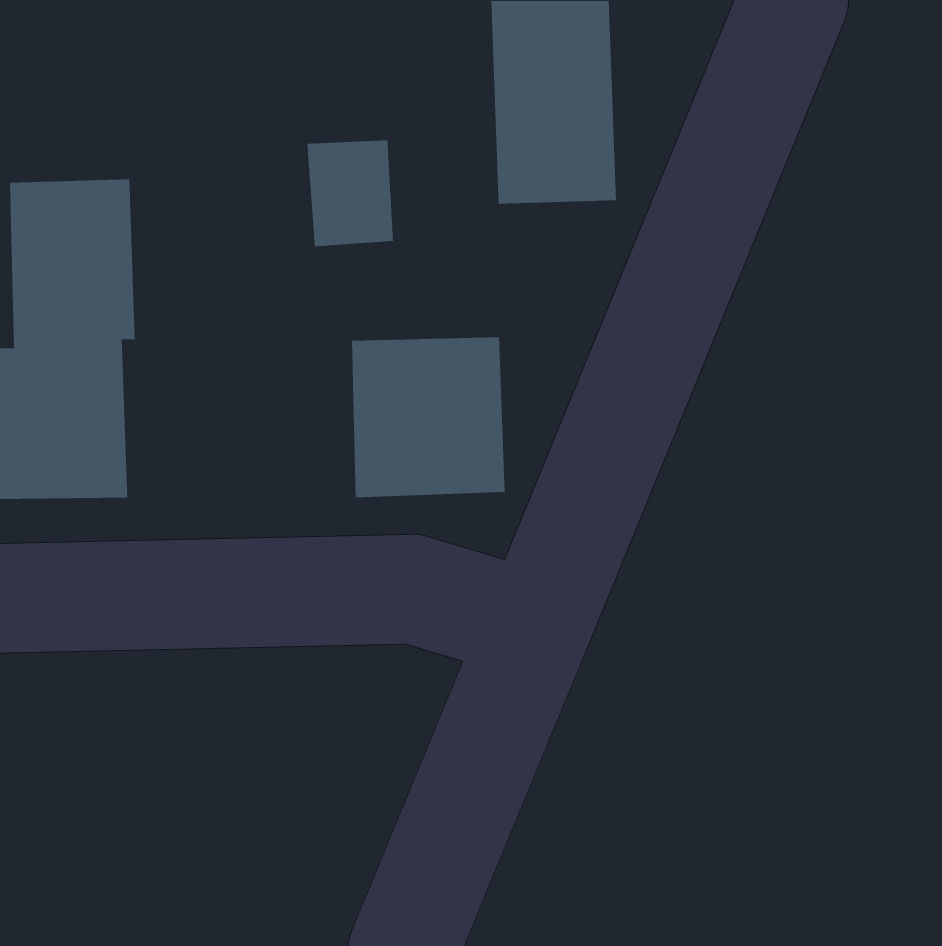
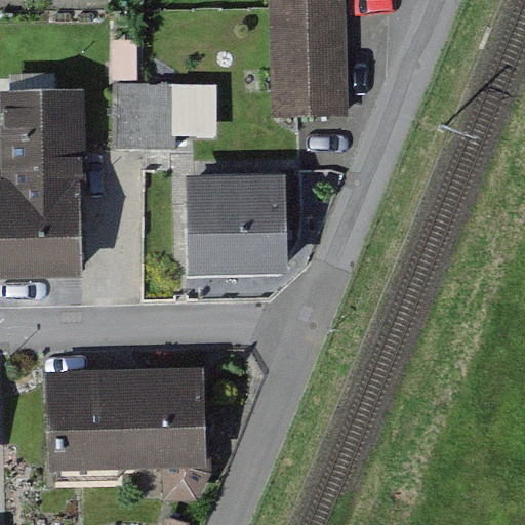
building: none -> [113,81,167,142]
building: none -> [50,364,216,472]

